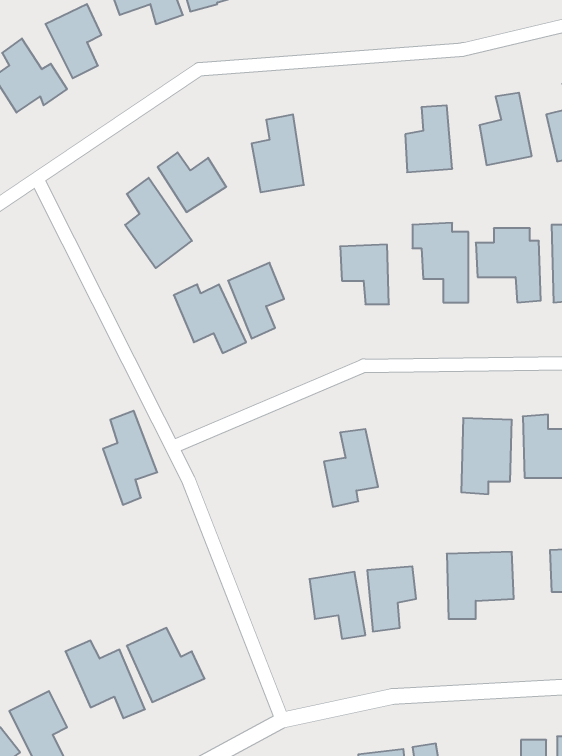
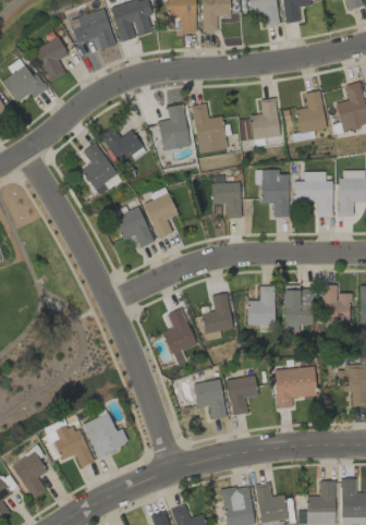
building: none -> [193,103,227,152]
building: [103,411,157,505] -> [163,308,196,365]
building: none -> [247,285,276,326]

